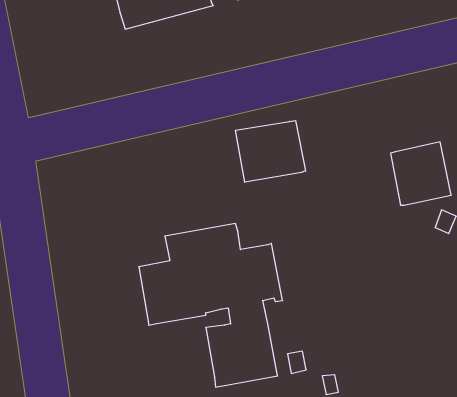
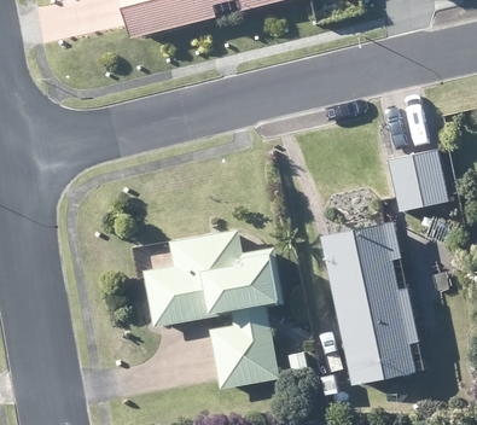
building: [236,121,306,182] -> none
building: none -> [320,221,419,384]

